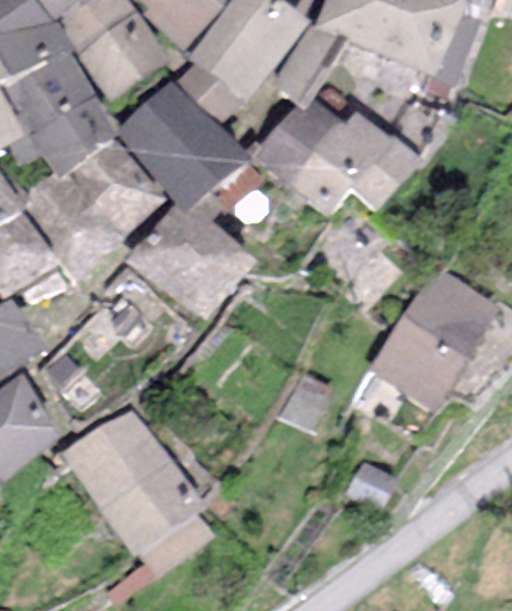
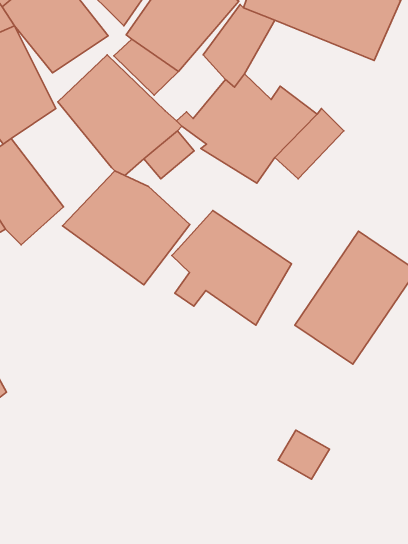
building: [64,135,162,240] -> none
building: none -> [172,211,292,325]
building: [61,406,204,555] -> none

